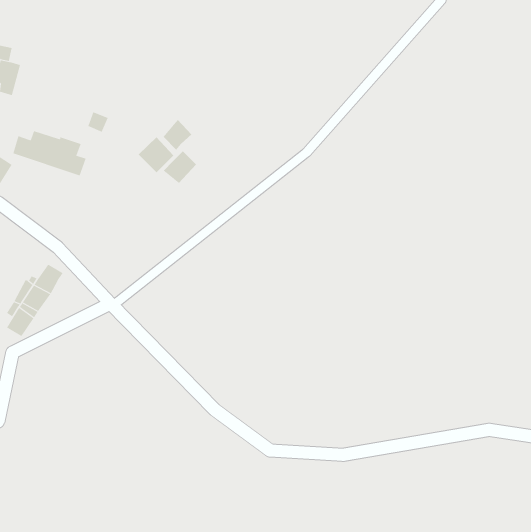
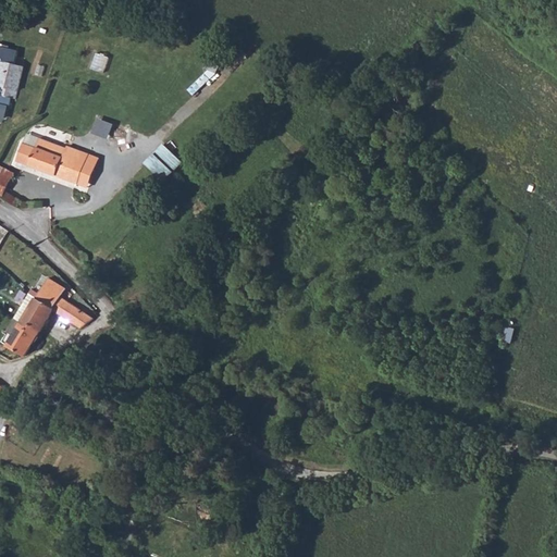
building: [163,119,192,150] -> none
building: [163,151,197,184] -> none
building: none -> [53,294,92,325]

